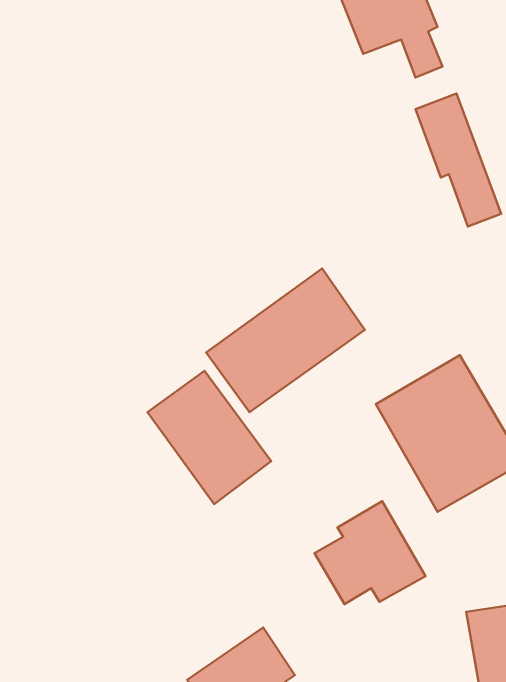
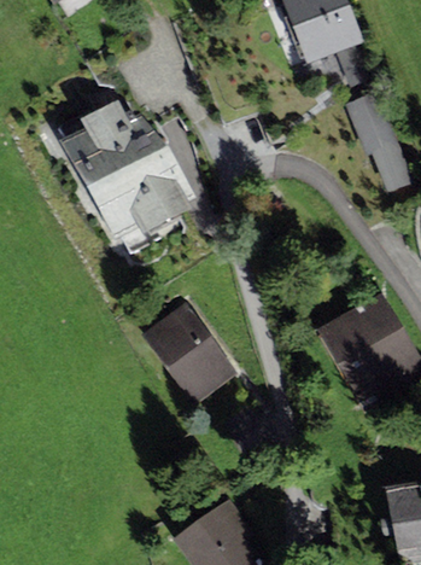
building: none -> [63,97,193,238]
building: [206,268,365,412] -> none
building: [314,501,425,604] -> none

